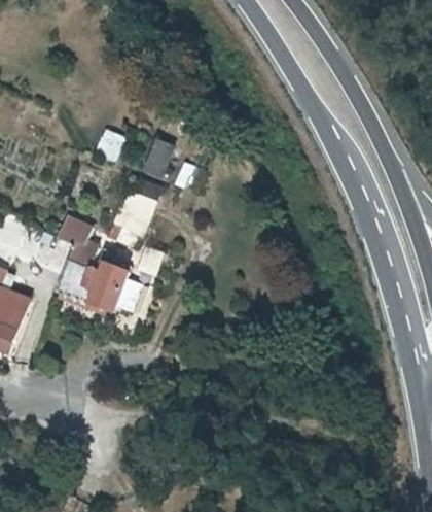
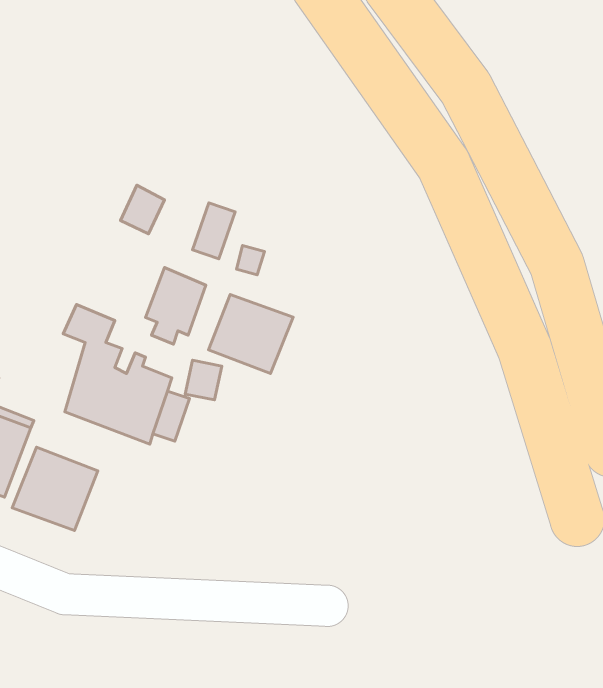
building: none -> [209,294,293,373]
building: none -> [12,447,98,530]

